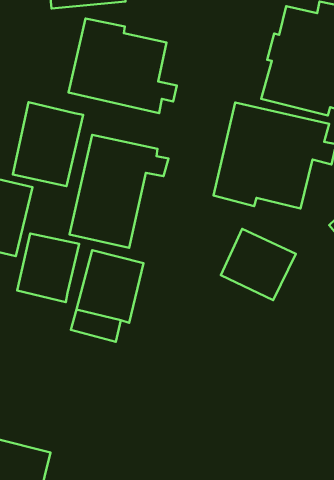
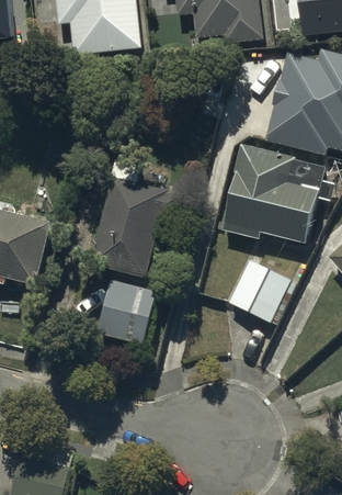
building: [69,19,177,113] -> none
building: [13,102,83,186] -> none
building: [17,233,79,302] -> none

